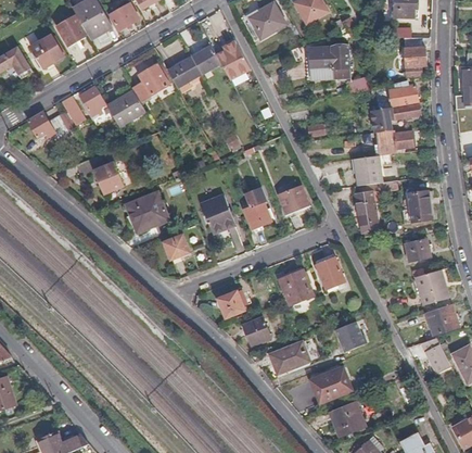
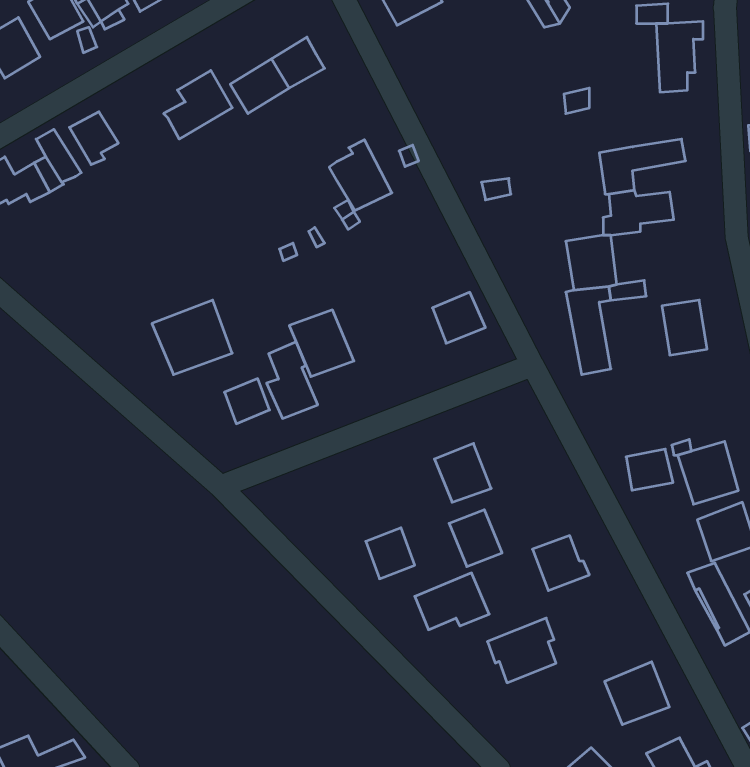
building: [216,40,251,79] -> [329,140,392,210]
building: [308,45,349,78] -> none
building: [387,80,418,106] -> none
building: [107,90,145,127] -> none
building: [77,155,124,194] -> none
building: [244,187,272,229] -> [267,342,318,418]
building: [405,239,431,262] -> [626,449,673,490]
building: [316,257,345,289] -> [449,510,502,567]
building: [218,291,245,317] -> none
building: [330,402,366,437] -> [605,662,669,725]

